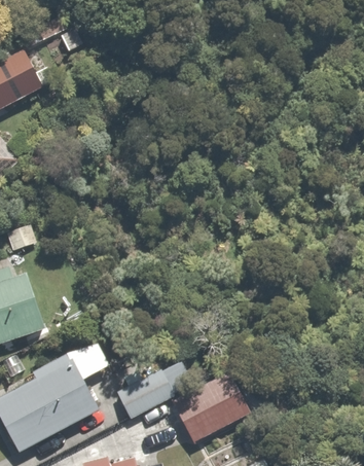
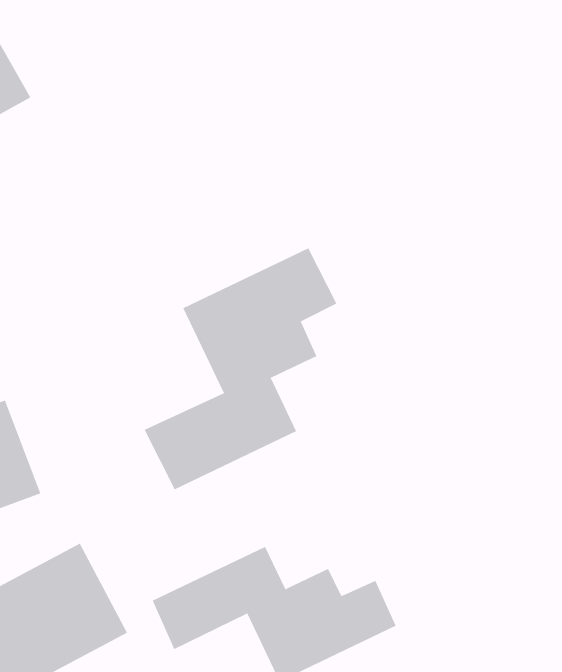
building: none -> [144,248,337,490]

